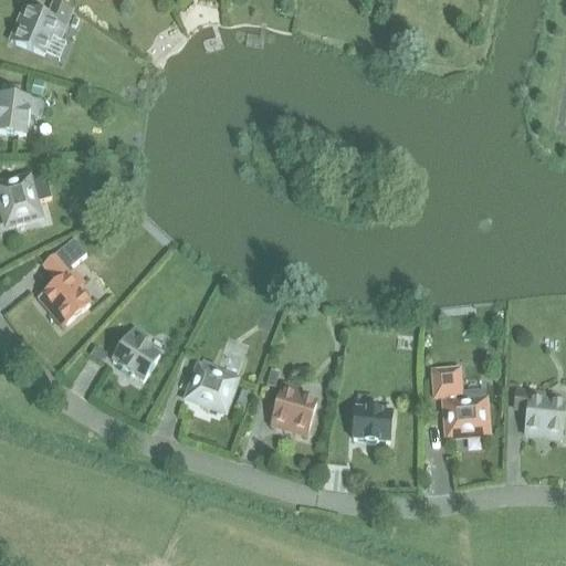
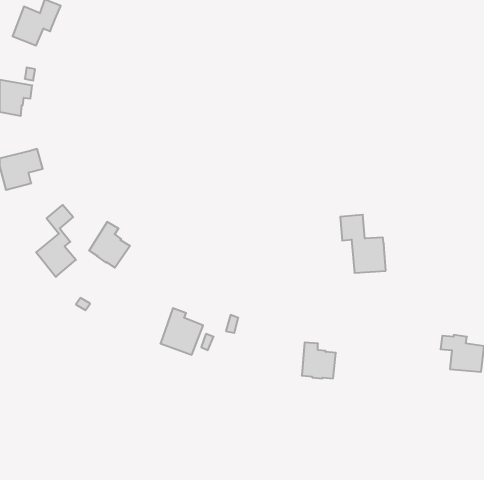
building: [112,327,159,380] -> [89,222,130,268]
building: [431,367,484,434] -> [340,215,386,273]
building: [271,382,315,431] -> none

